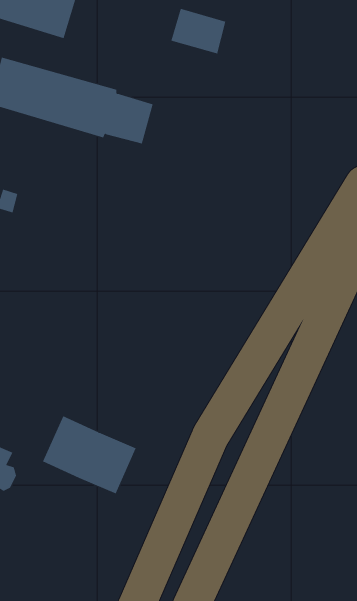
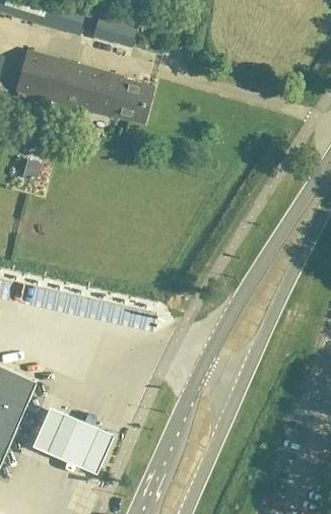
building: [171,8,226,54] -> [91,8,138,47]
building: [42,415,137,494] -> [35,411,114,477]

